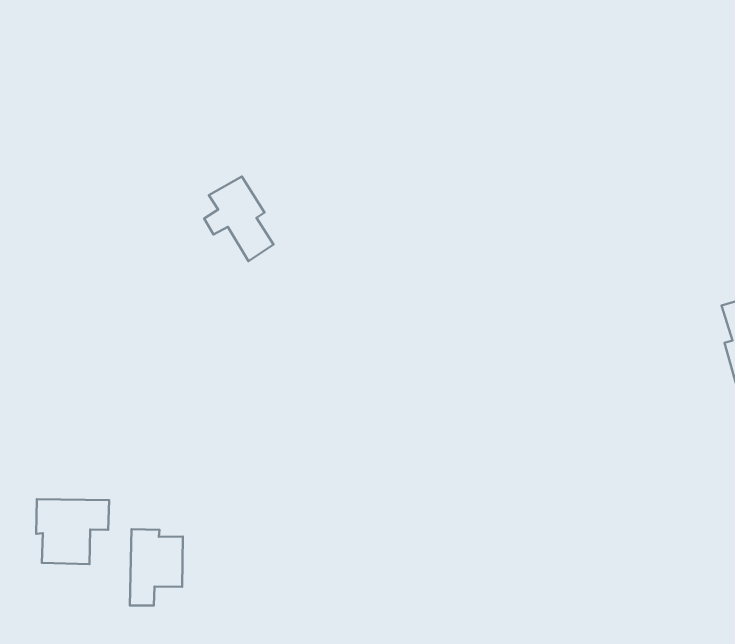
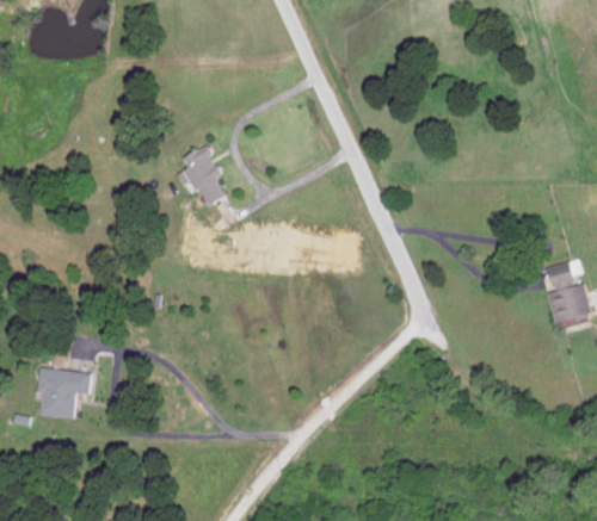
building: [130,529,183,606] -> none

